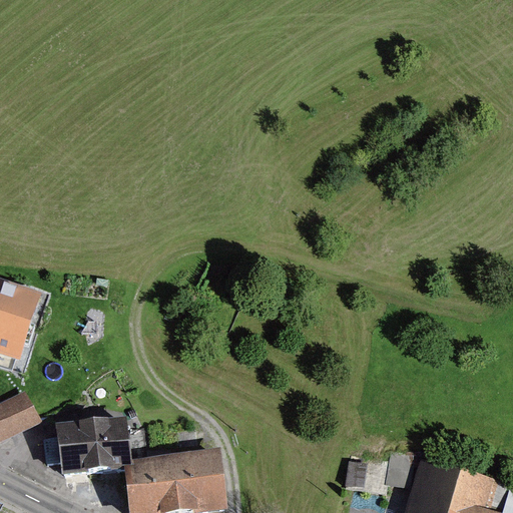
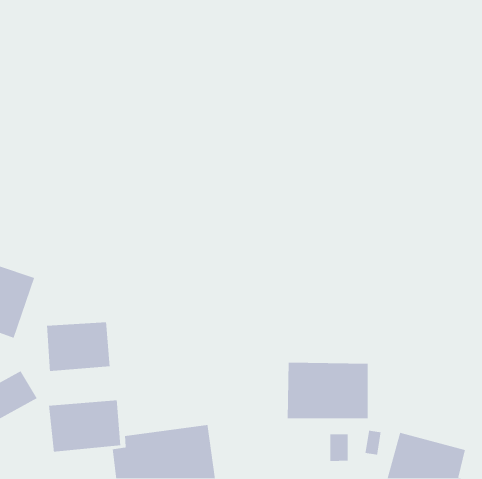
building: none -> [46,321,110,372]
building: none -> [287,362,369,419]

